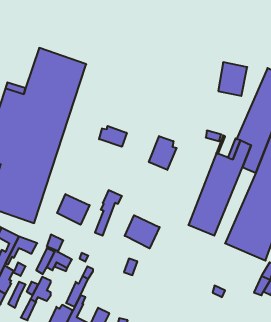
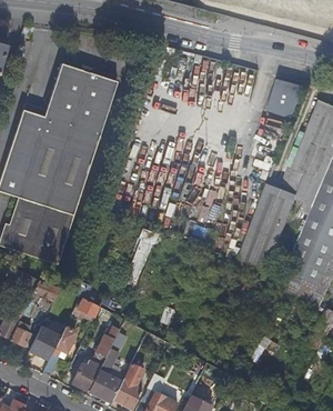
building: [99,126,127,147] -> none
building: [149,136,177,170] -> none
building: [57,194,90,225] -> none
building: [125,215,160,248] -> none

